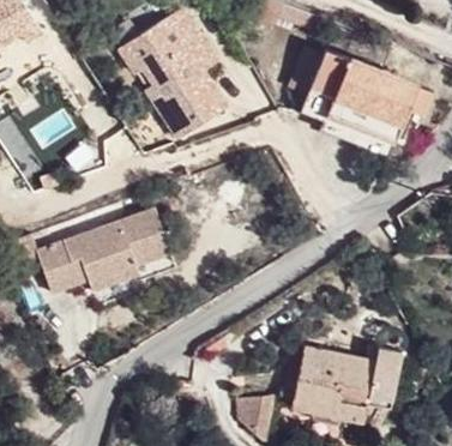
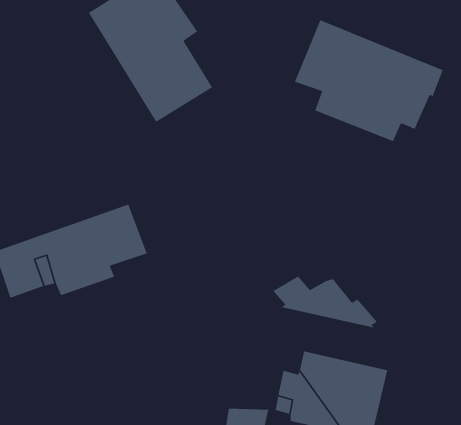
building: none -> [272,276,378,329]

